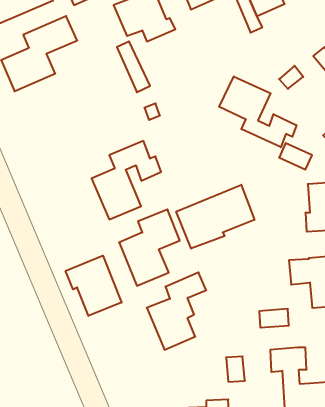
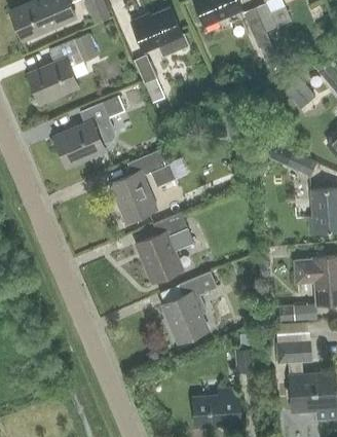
building: [219,76,296,147] -> none
building: none -> [53,97,124,168]
building: [176,185,254,249] -> none
building: [66,256,122,316] -> none

